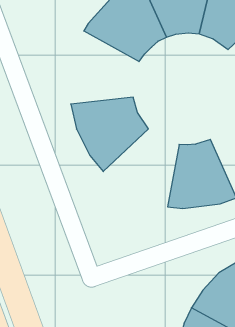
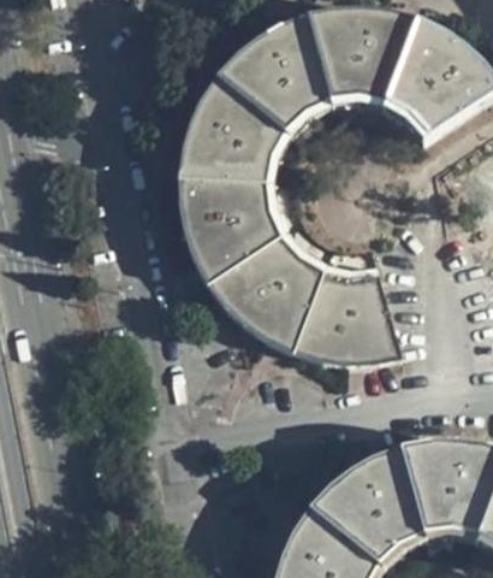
building: none -> [179,77,289,185]
building: none -> [210,235,327,353]

